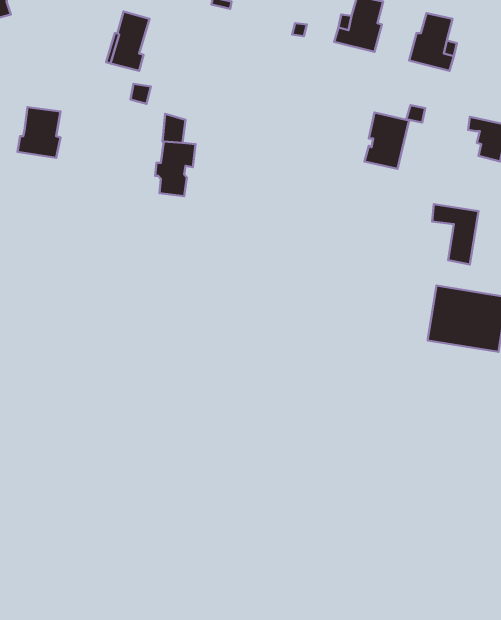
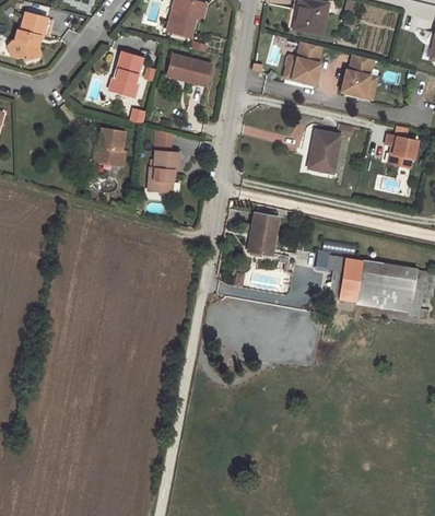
building: none -> [166,55,211,86]
building: [17,107,61,158] -> [92,128,125,166]
building: [432,204,478,265] -> [327,255,362,301]
building: none -> [247,212,278,255]

